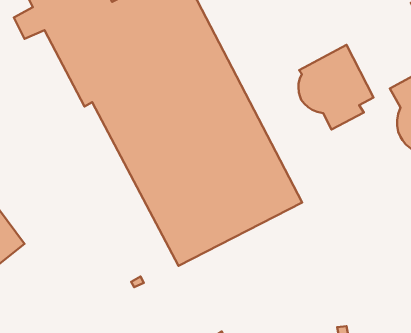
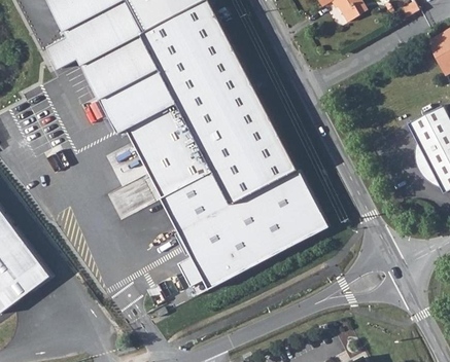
building: [298,45,374,130] -> none

